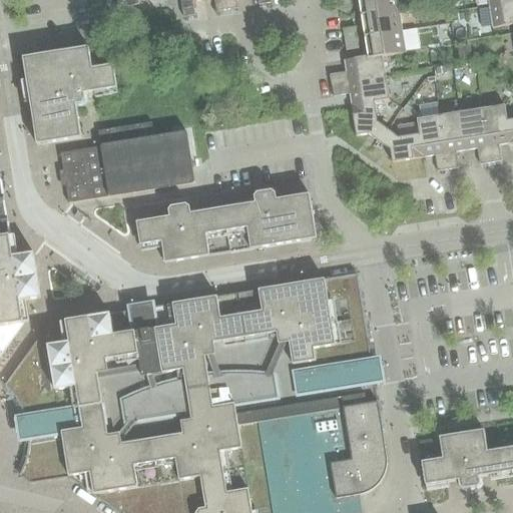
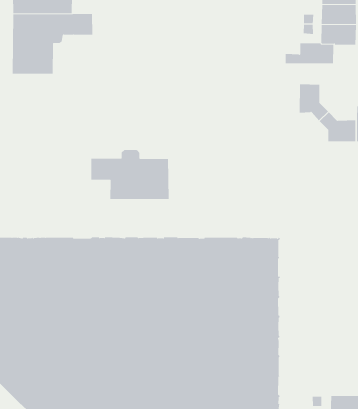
building: [331,73,388,101] -> none
building: [59,118,194,199] -> none
building: [221,187,317,249] -> none

